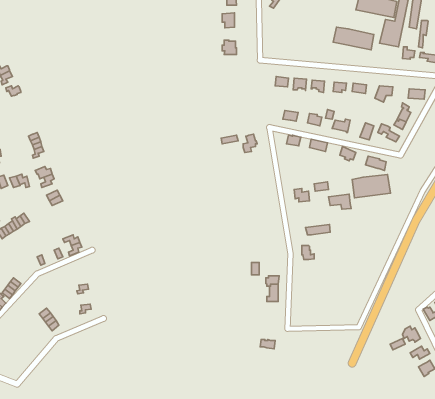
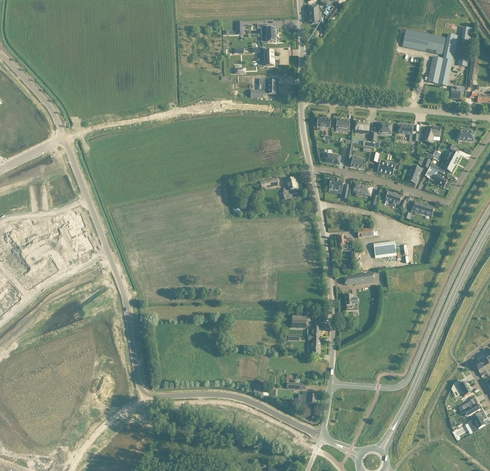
building: [333,27,374,50] -> none
building: [352,174,390,198] -> none

